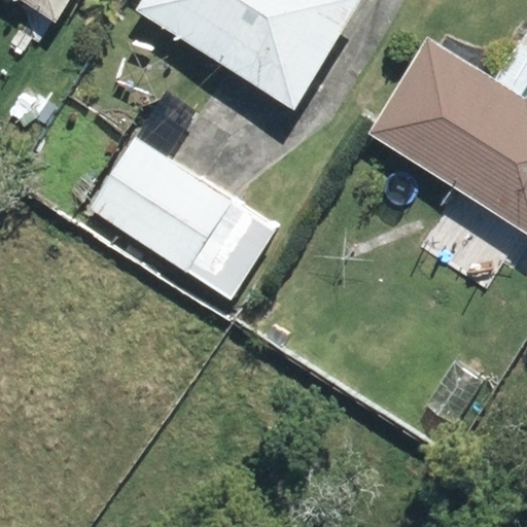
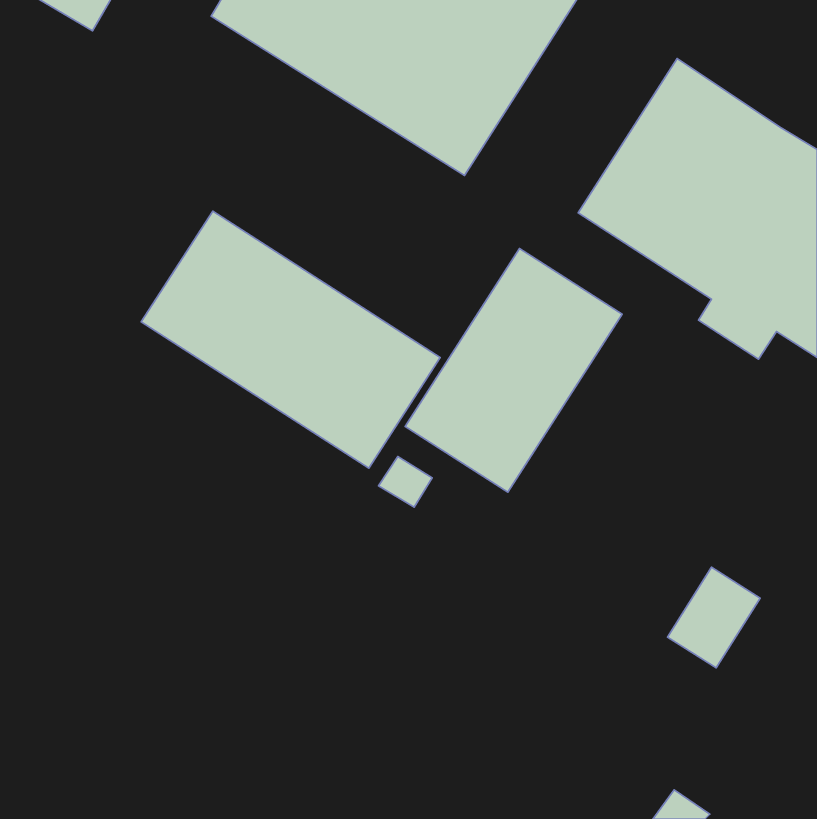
building: none -> [405,248,622,492]

